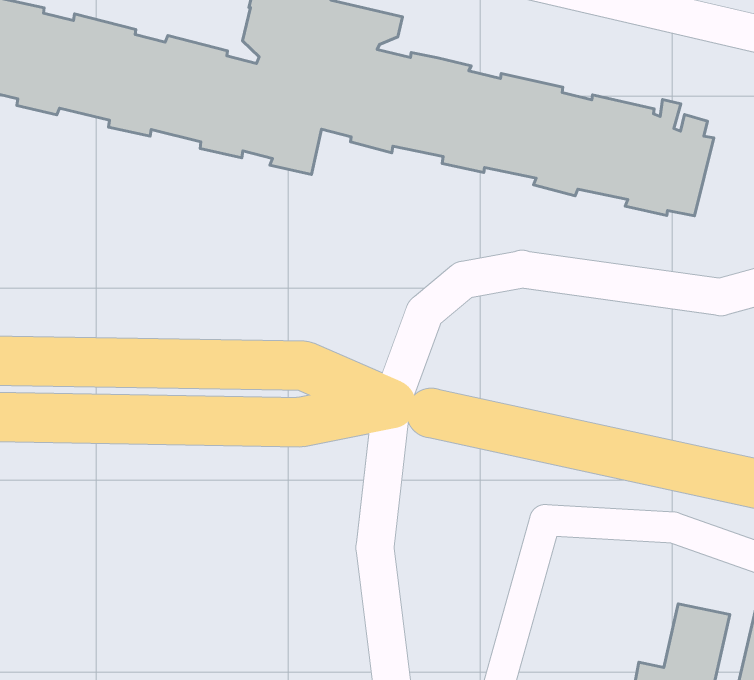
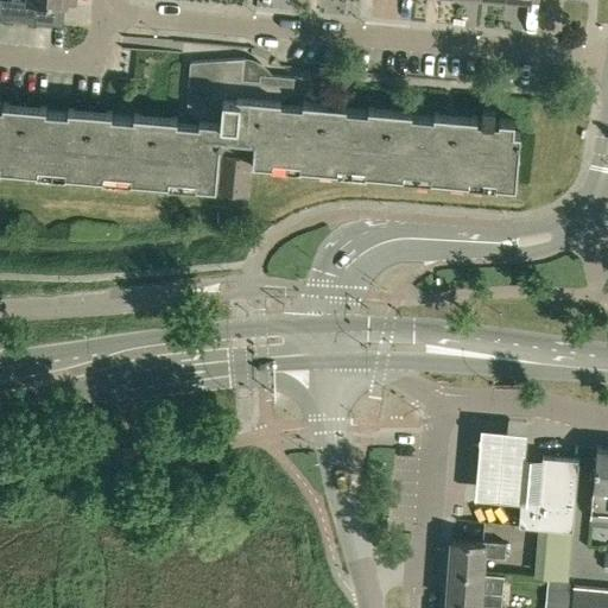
building: none -> [474,432,542,507]

